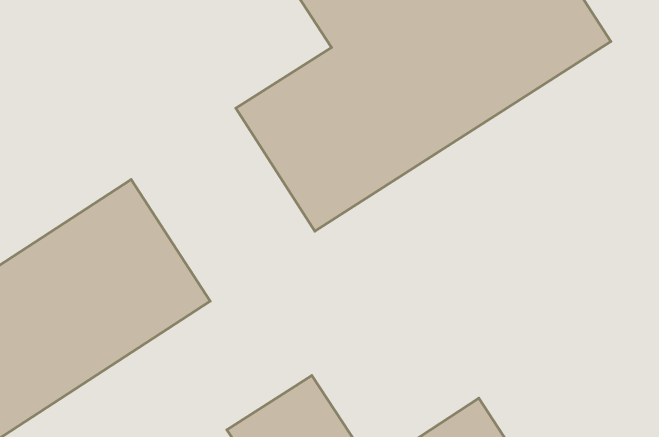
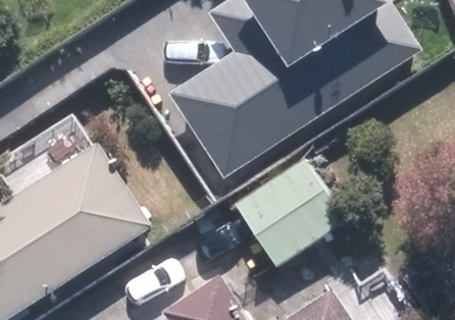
building: none -> [236,161,343,267]

